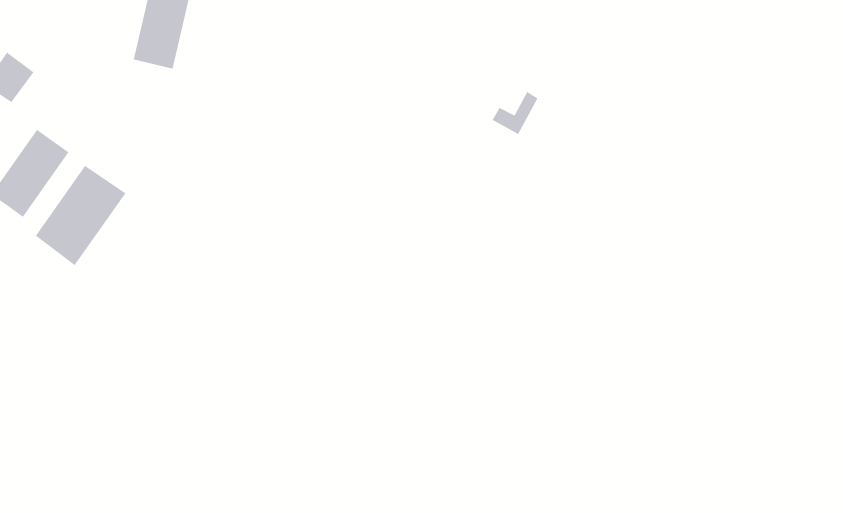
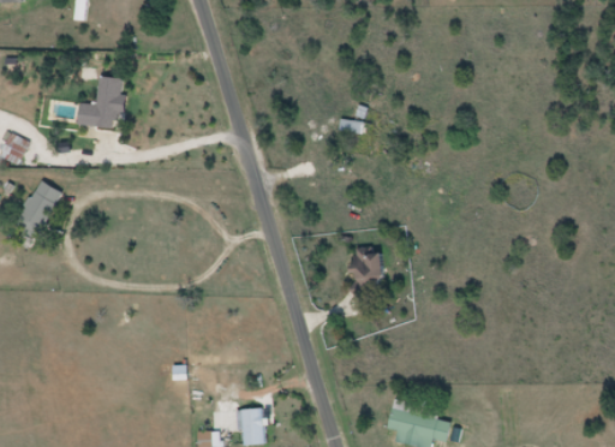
building: [35,165,126,266] -> none
building: none -> [353,249,386,296]

